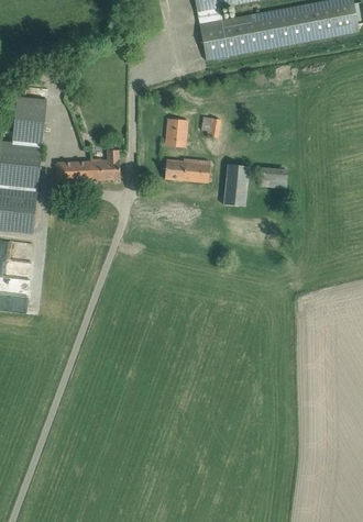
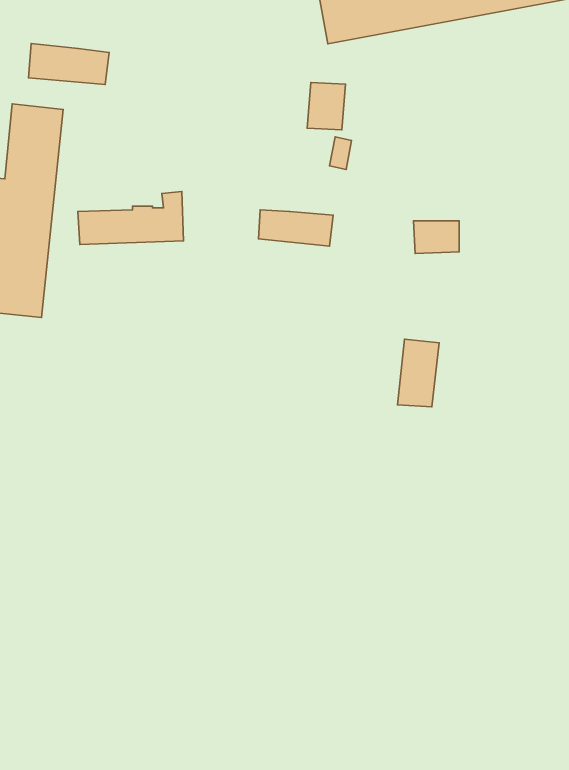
building: none -> [29,44,109,84]
building: [164,119,187,147] -> [307,82,345,130]
building: [222,165,248,206] -> [397,339,439,407]

